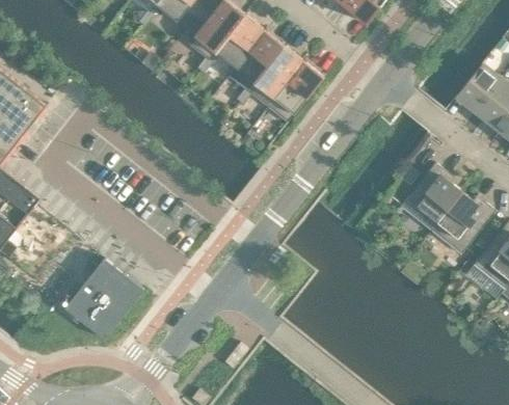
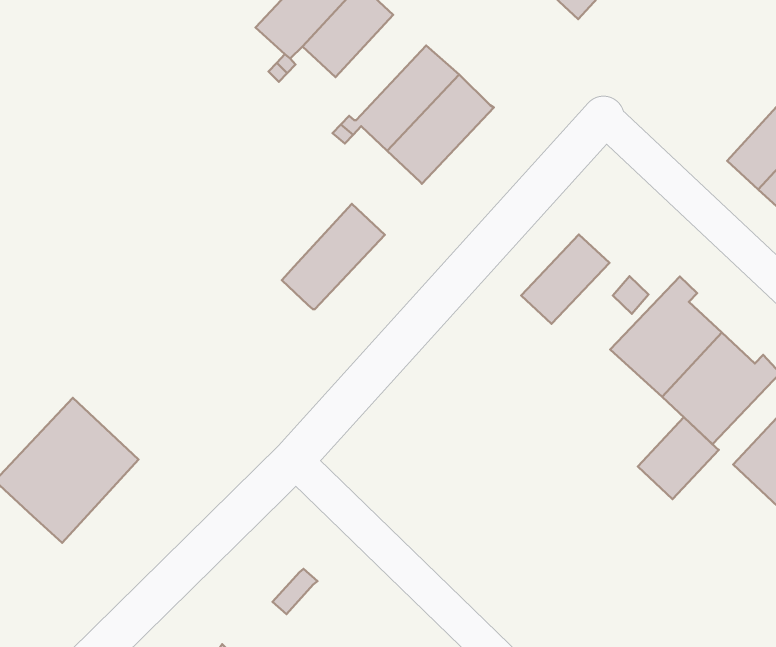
building: [226,30,282,90] -> [282,204,385,309]
building: none -> [521,235,609,324]
building: none -> [638,417,719,499]

